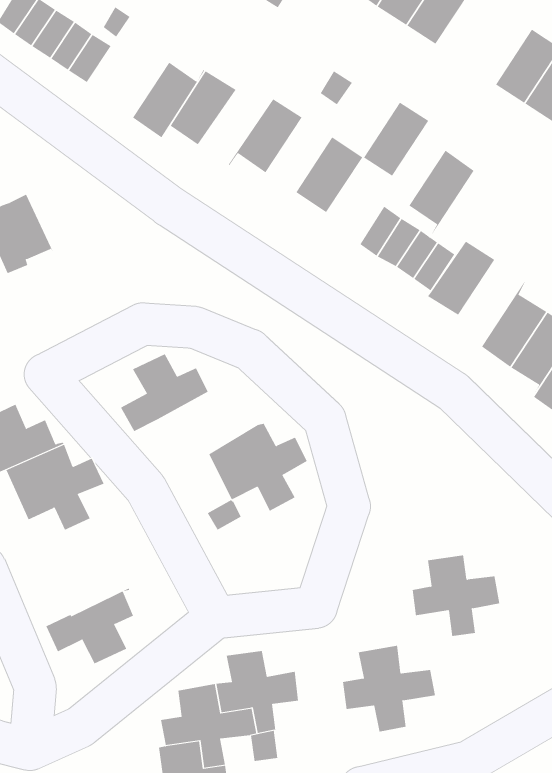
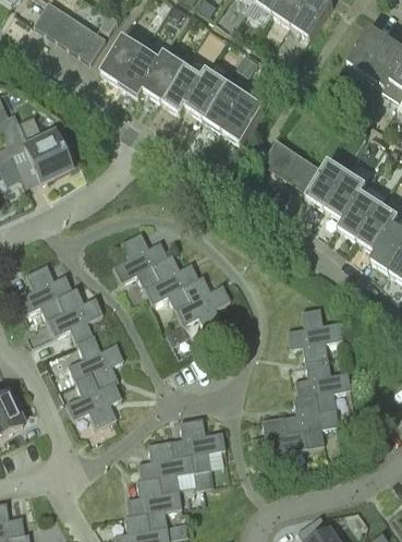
building: none -> [100,37,143,84]
building: none -> [161,67,208,113]
building: [363,102,429,176] -> [204,84,245,131]
building: [409,150,475,237] -> [325,173,366,228]
building: none -> [136,254,198,304]
building: none -> [287,309,342,362]
building: none -> [68,336,123,397]
building: none -> [287,394,339,447]

